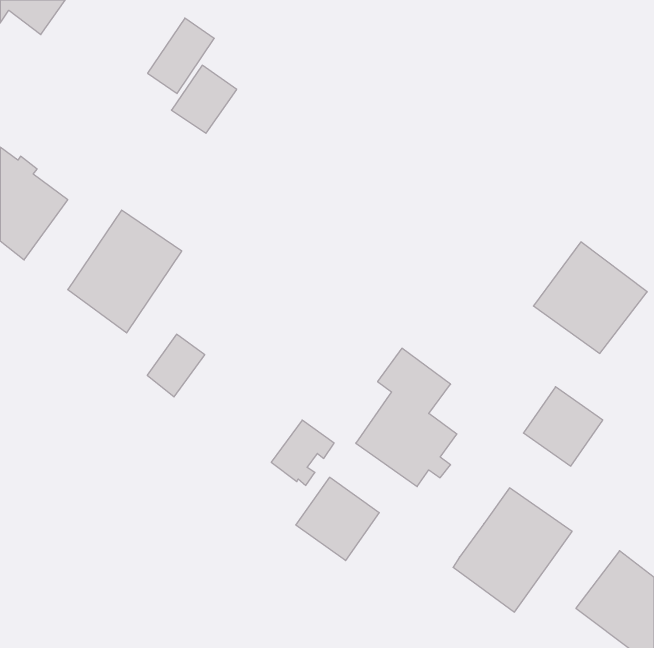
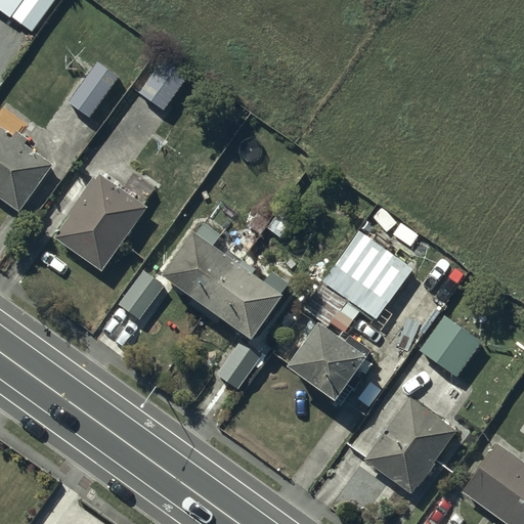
building: [148,18,214,94] -> [67,60,120,121]
building: [533,242,647,353] -> [321,230,412,319]
building: none -> [159,222,286,333]
building: [296,477,379,561] -> none

